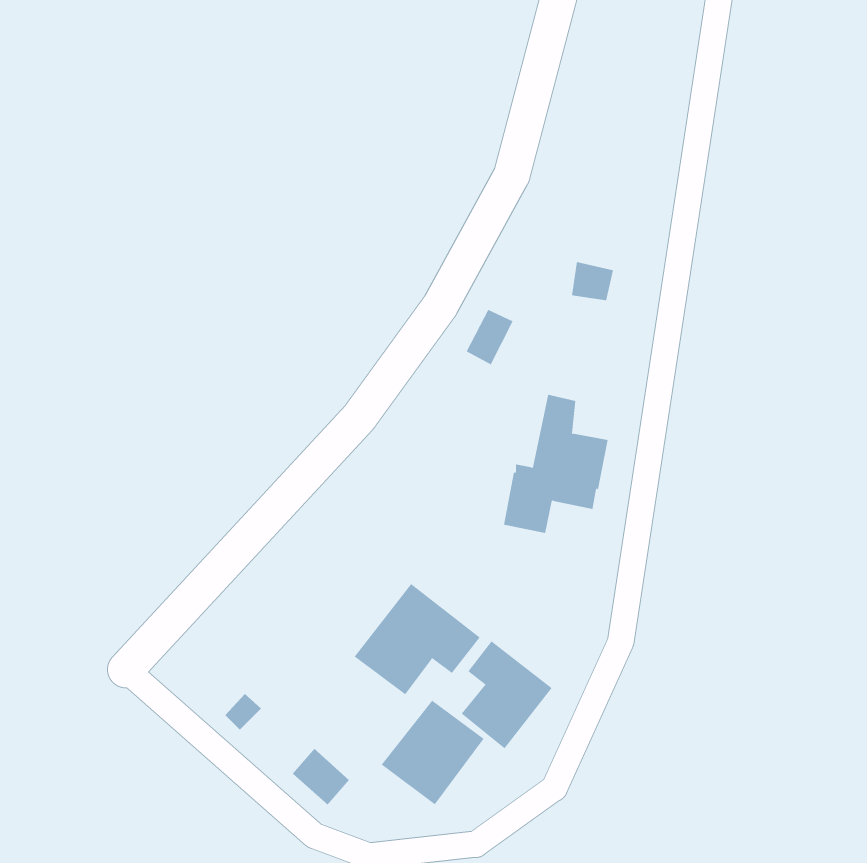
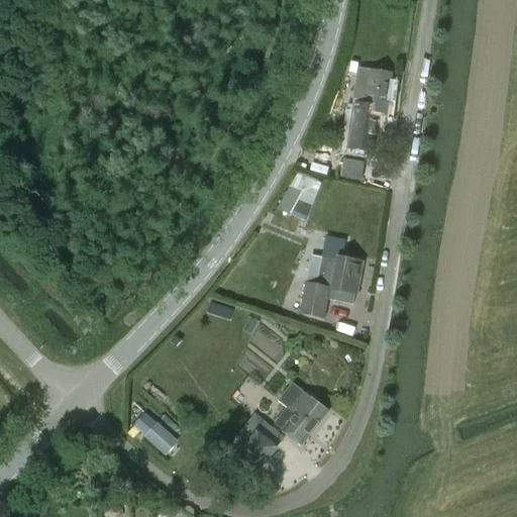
building: none -> [352,69,391,144]
building: [354,583,480,695] -> none
building: [292,748,350,806] -> [143,420,178,454]

